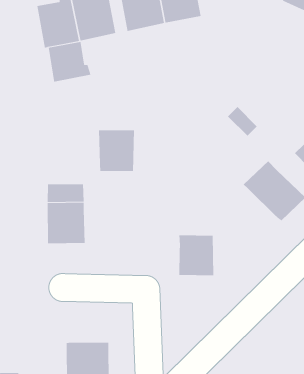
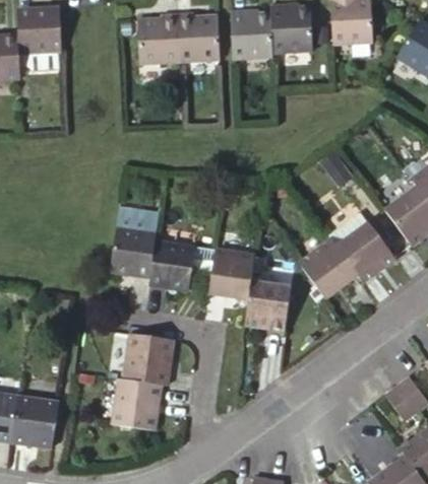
building: [48,41,91,82] -> none
building: [98,130,135,171] -> [150,240,194,289]
building: none -> [298,243,357,300]
building: none -> [209,251,255,298]
building: none -> [122,332,176,386]

